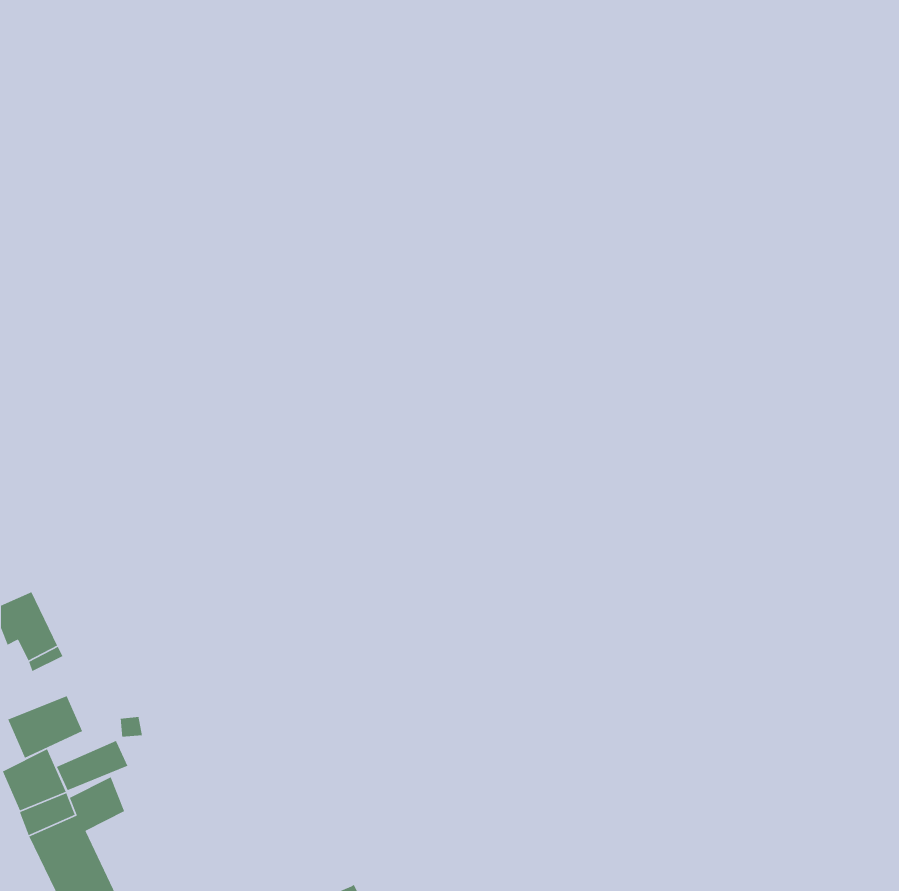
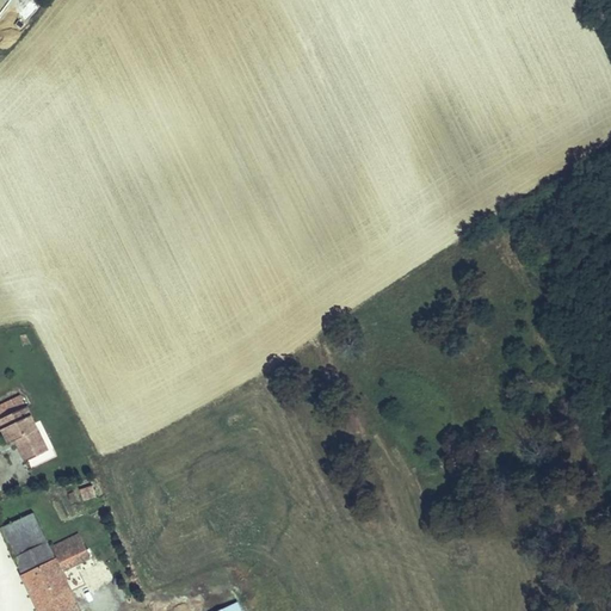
building: [7,695,83,759] -> none
building: [56,740,129,791] -> none

